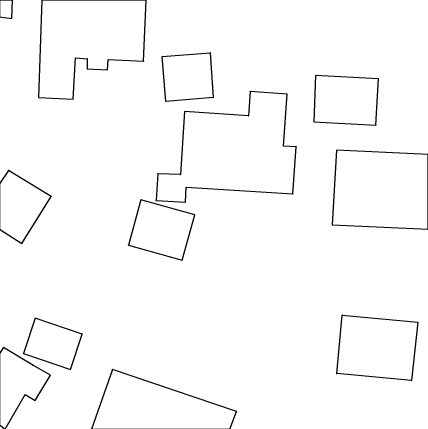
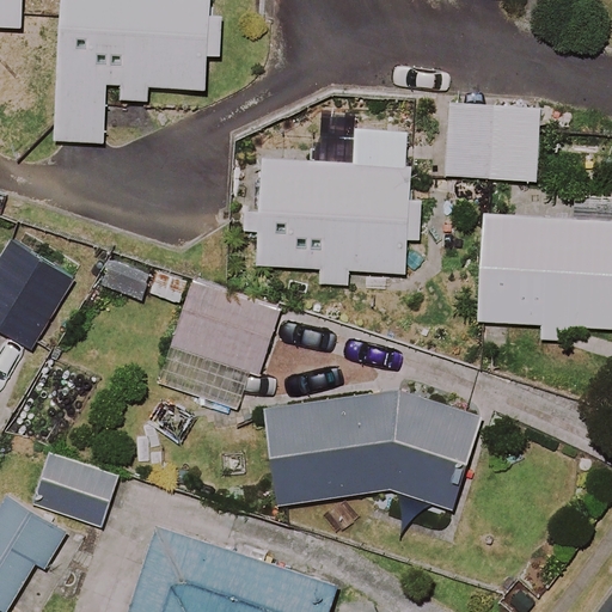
building: [162,53,213,101] -> none
building: none -> [263,394,479,510]
building: [337,315,418,381] -> none

